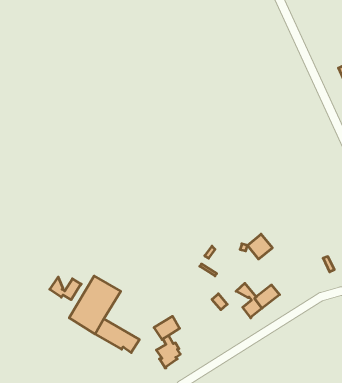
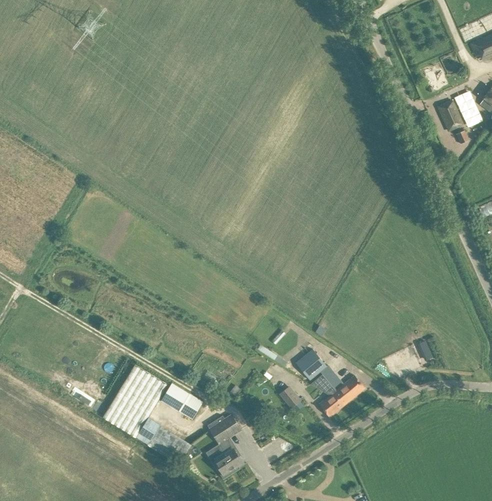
building: [247,234,272,259] -> [296,349,327,380]
building: [50,277,81,300] -> none
building: none -> [161,383,203,419]

